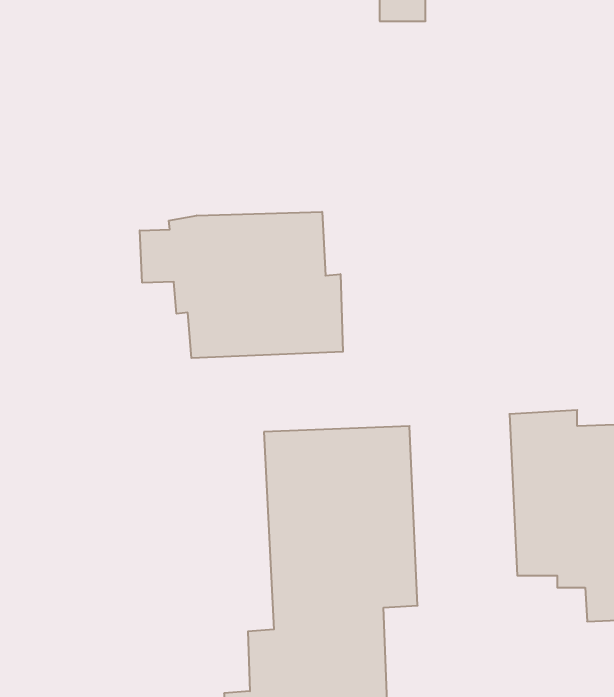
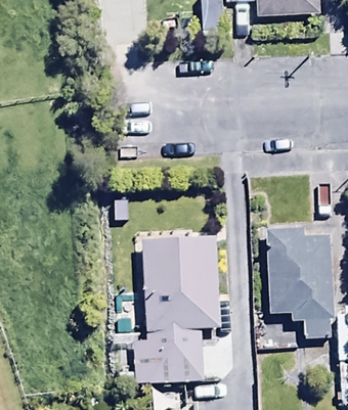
building: [140,212,343,358] -> none

